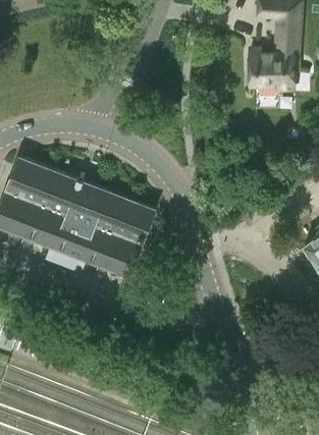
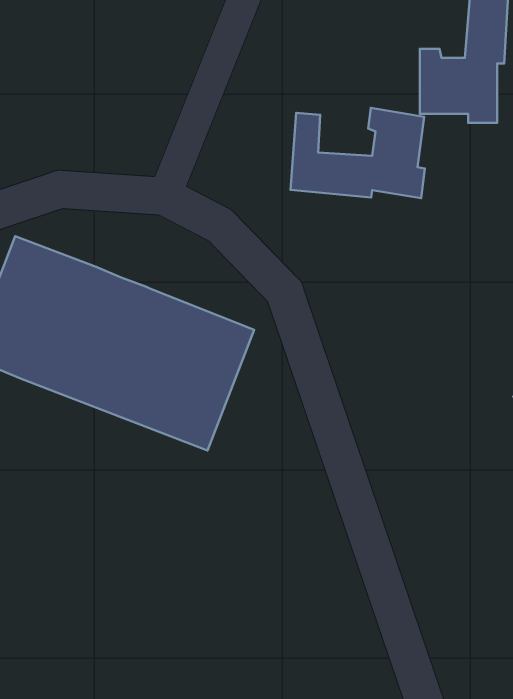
building: none -> [291,108,425,198]

